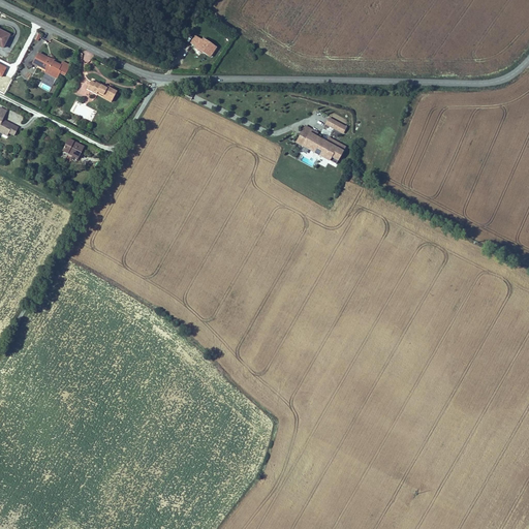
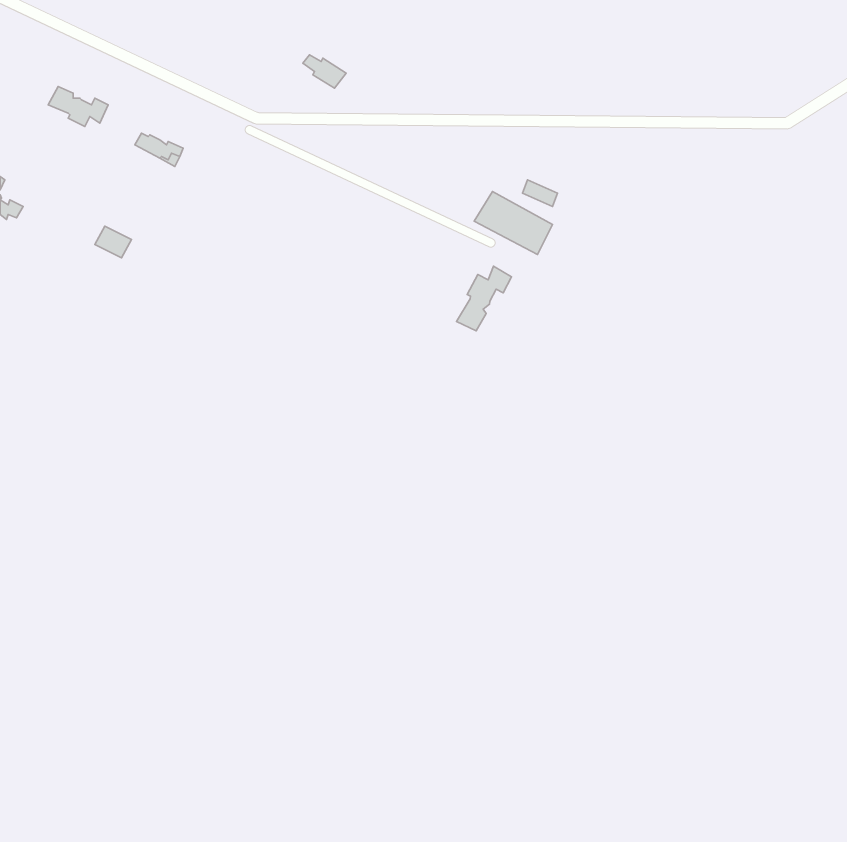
building: none -> [456,266,512,331]

